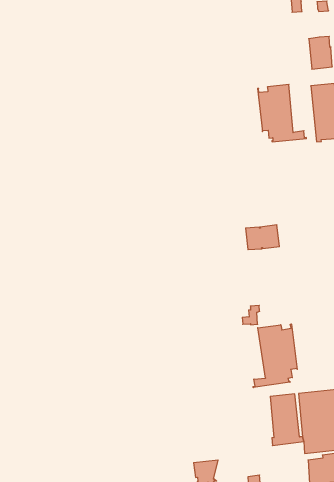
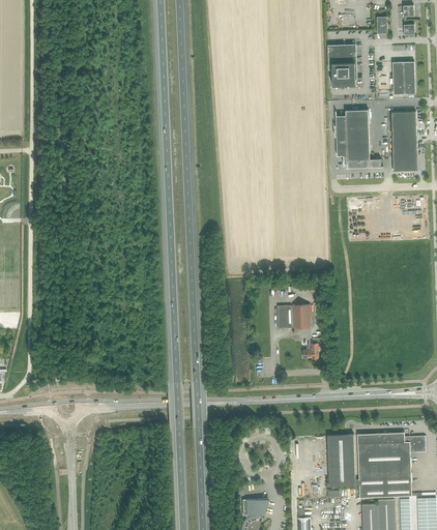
building: none -> [328,45,357,85]
building: [246,225,279,250] -> [276,304,311,328]
building: [253,324,297,388] -> none

